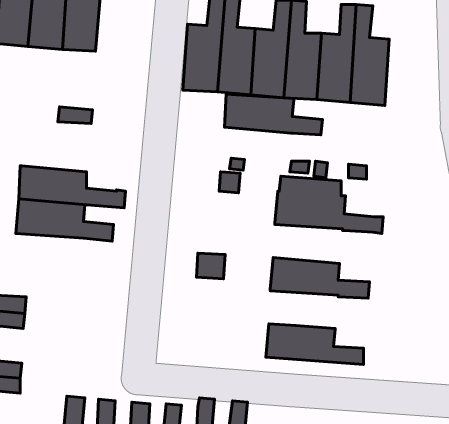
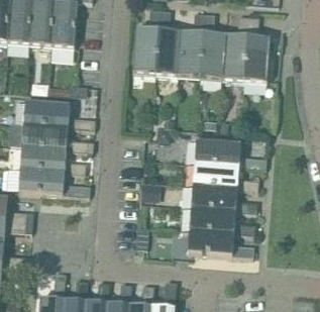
building: [225,94,322,135] -> [192,164,257,191]
building: none -> [22,102,94,130]
building: none -> [17,170,89,197]
building: none -> [189,208,254,235]

